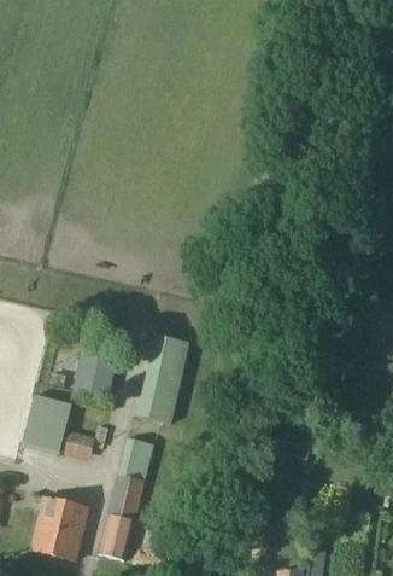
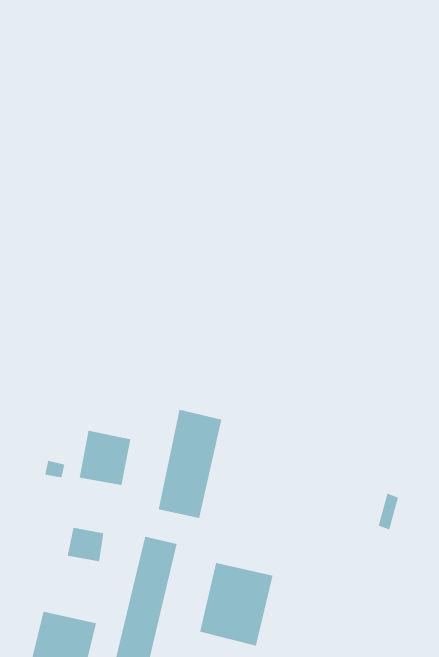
building: [27,396,71,446] -> none
building: none -> [199,562,273,646]

